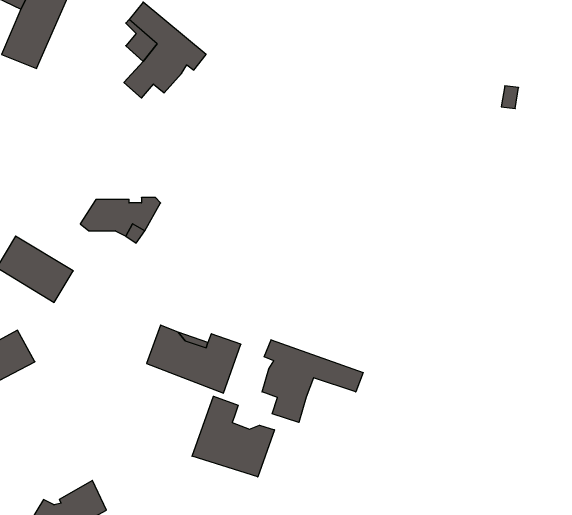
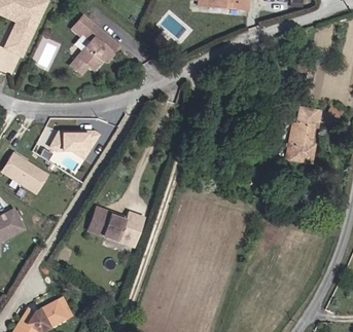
building: none -> [289,107,320,162]
building: [262,340,363,422] -> none
building: [192,396,274,477] -> none

